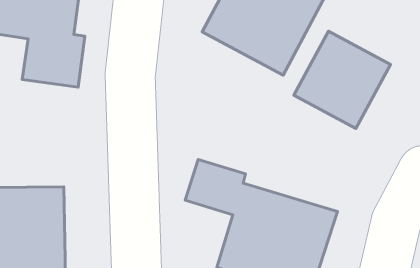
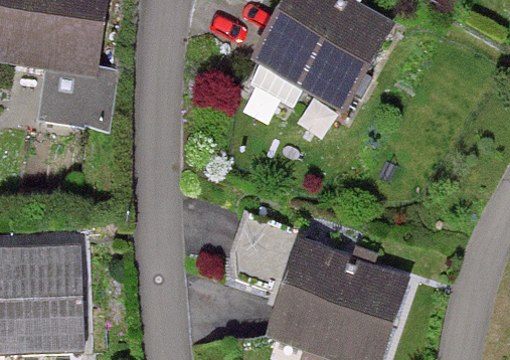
building: [294,31,390,128] -> none

